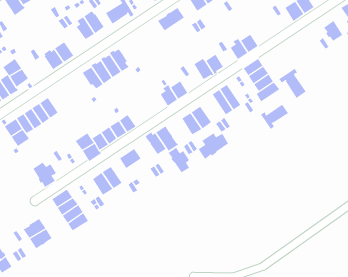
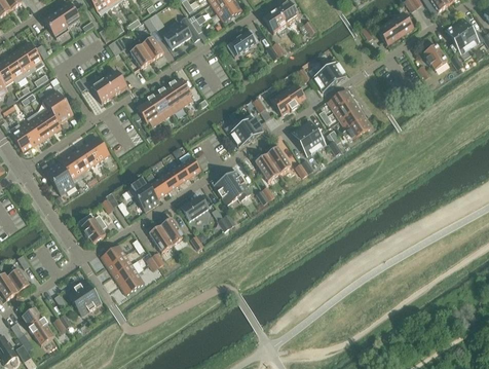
building: [279,68,306,99] -> none
building: [260,104,289,130] -> none
building: [198,133,229,160] -> none
building: [168,147,190,173] -> none

